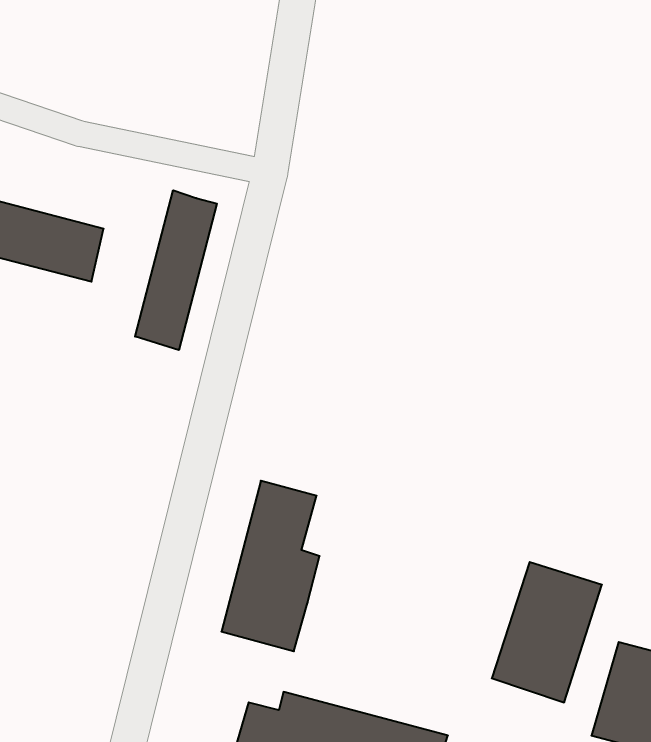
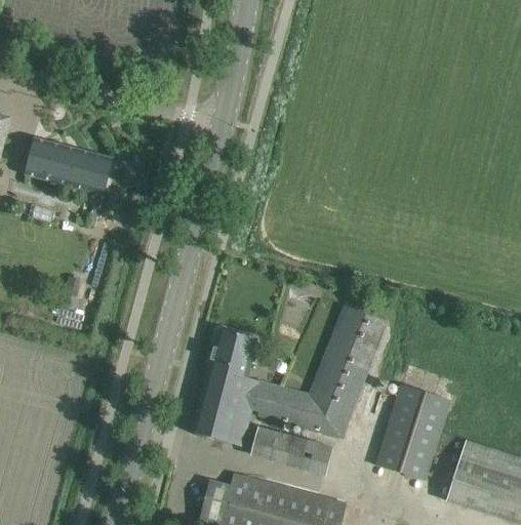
building: [135,190,217,350] -> none
building: none -> [251,305,388,437]
building: none -> [247,425,331,475]

